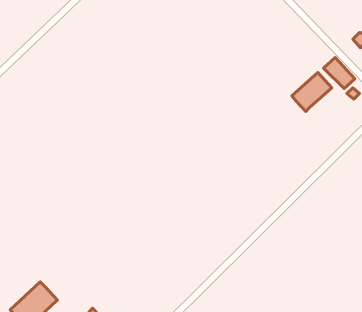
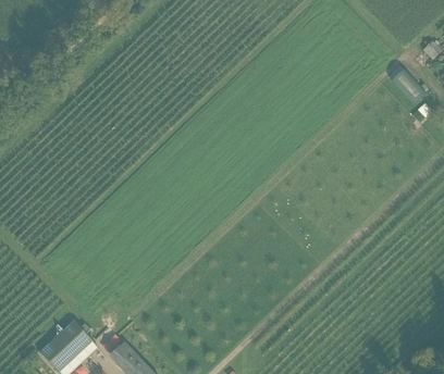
building: [292,72,332,111] -> none

